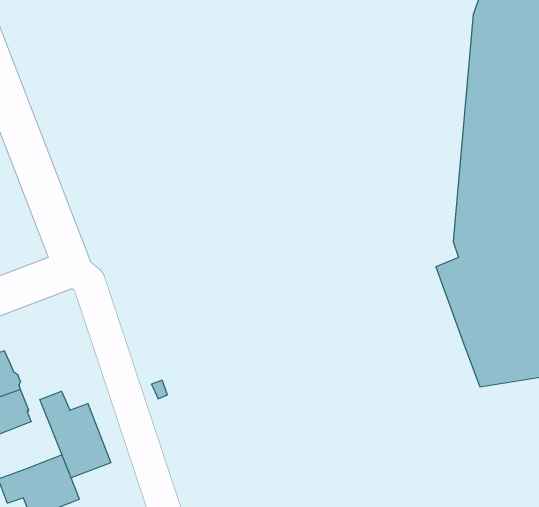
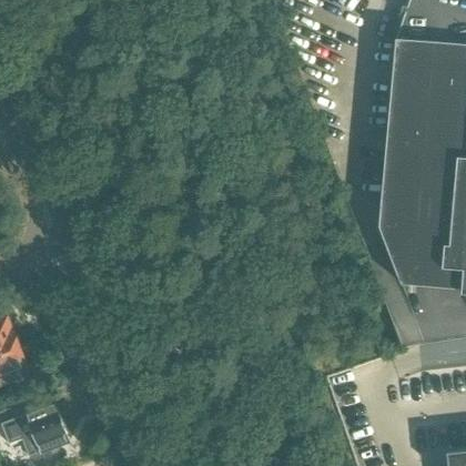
building: [40,391,111,478] -> none

